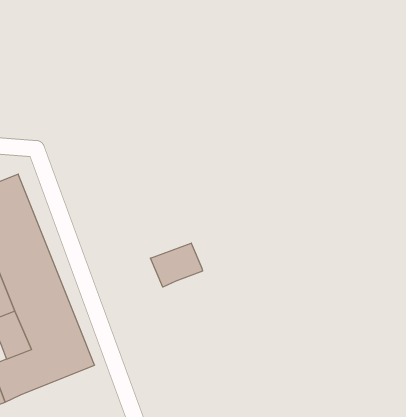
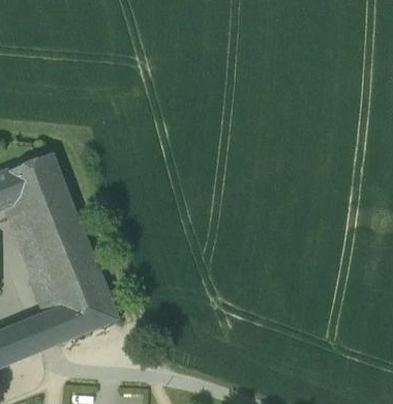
building: [150,243,203,287] -> none

